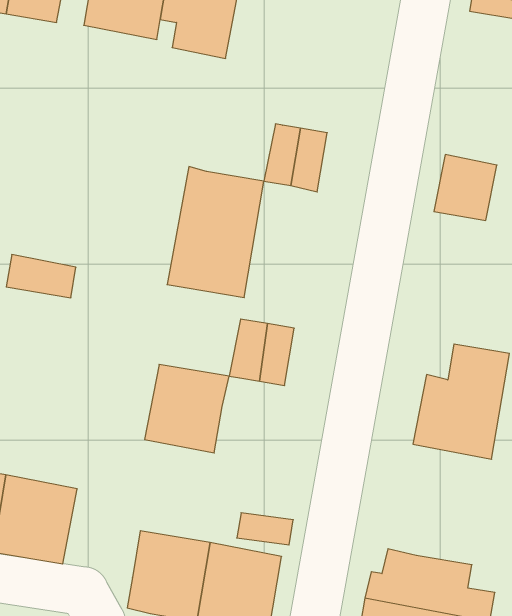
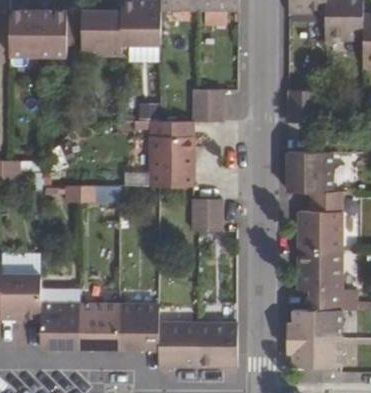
building: none -> [287,151,331,192]
building: [145,364,229,453] -> [118,305,158,348]
building: none -> [297,250,341,310]

